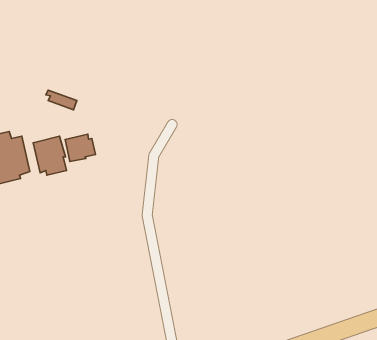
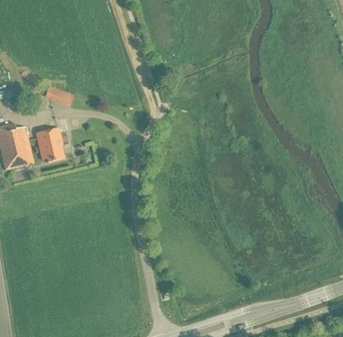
building: [65,134,96,161] -> none

